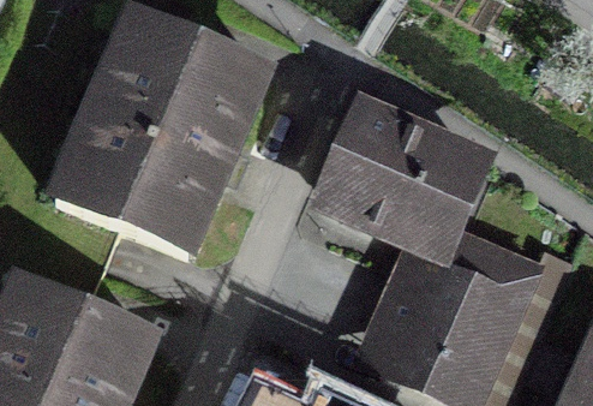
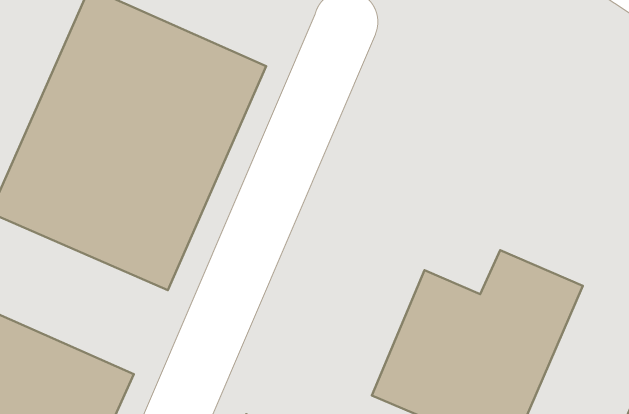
building: [323,95,489,245] -> none

